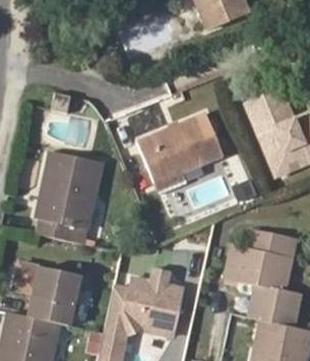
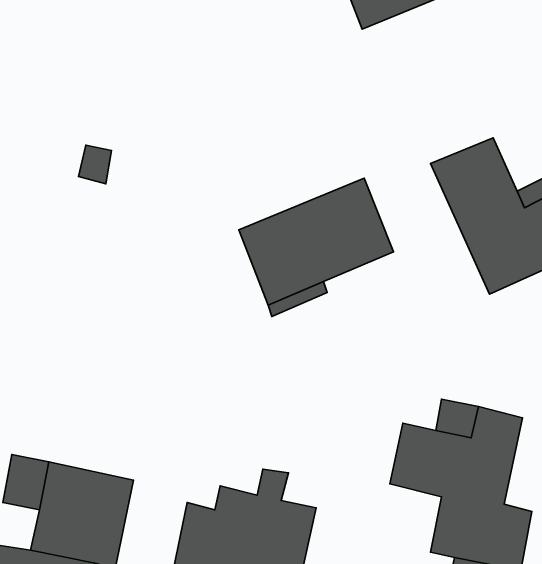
building: [35,152,104,242] -> none

